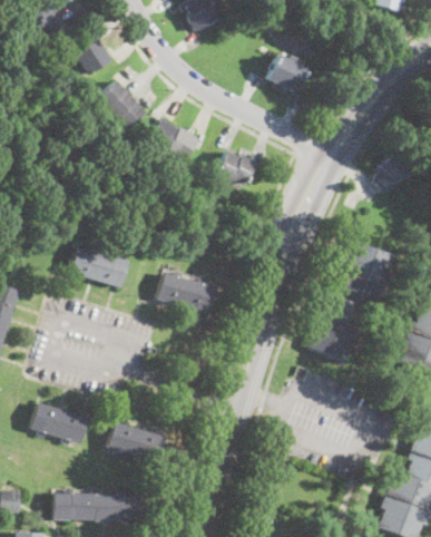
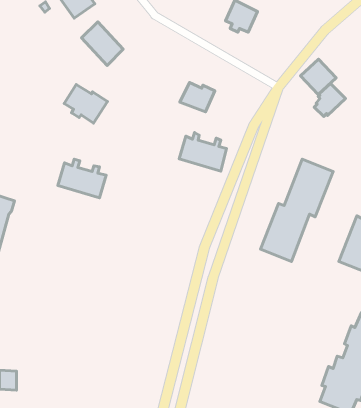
building: [149,117,200,163] -> [64,84,108,123]
building: none -> [301,59,336,94]
building: [158,267,214,313] -> [179,132,227,171]
building: [32,401,89,446] -> none
building: [108,421,166,463] -> none
building: [55,491,138,523] -> none

